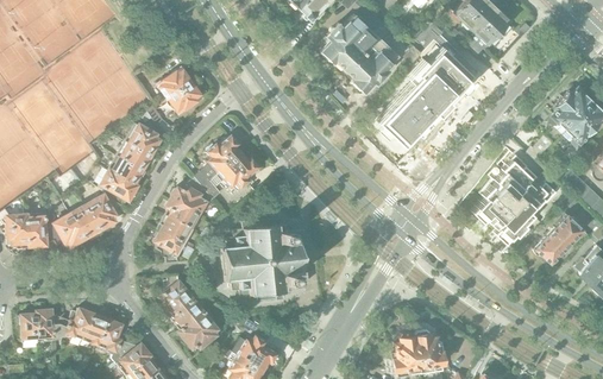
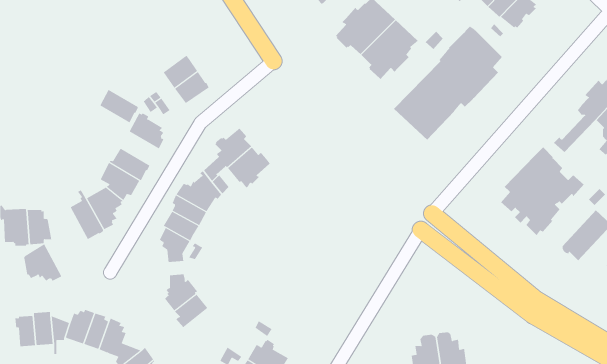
building: [118,140,155,172] -> [99,89,138,123]
building: [50,211,87,247] -> [23,244,62,281]
building: [220,219,309,304] -> none
building: [177,307,220,349] -> none

